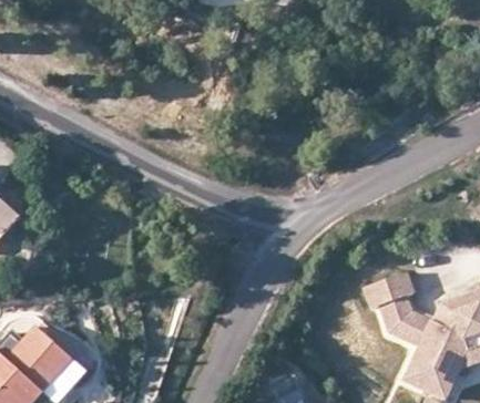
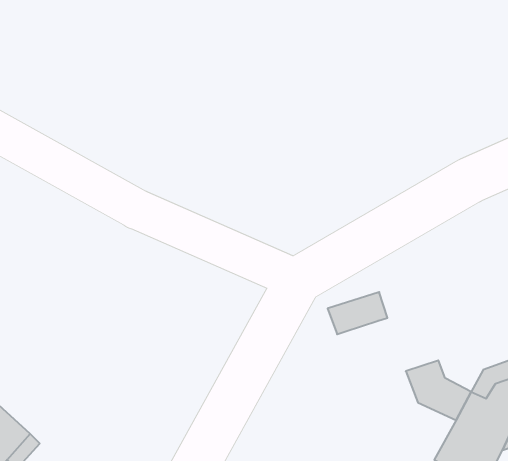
building: [364,275,412,309] -> [328,292,387,334]

